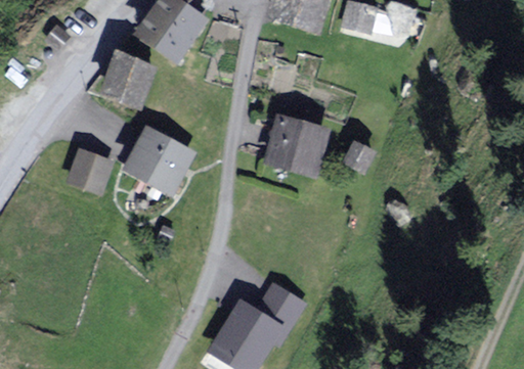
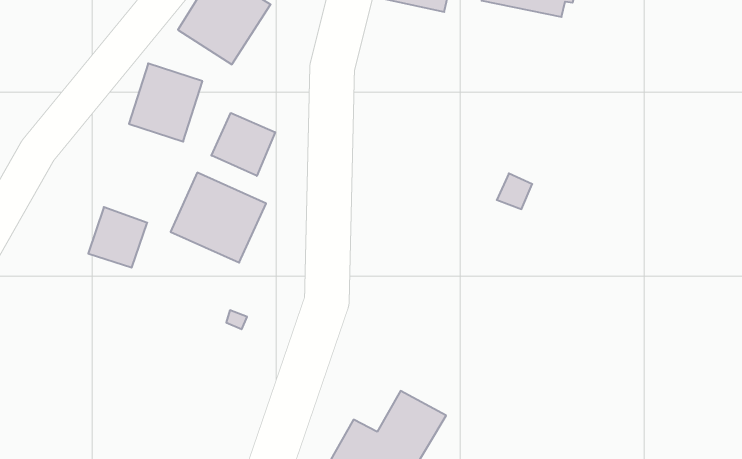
building: none -> [211,113,275,176]
building: [265,116,322,174] -> none

